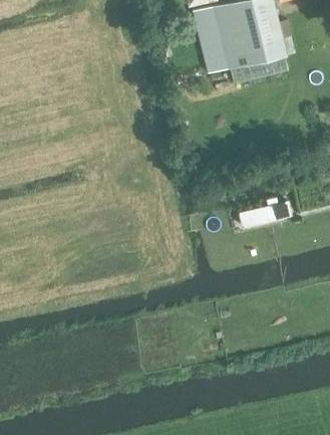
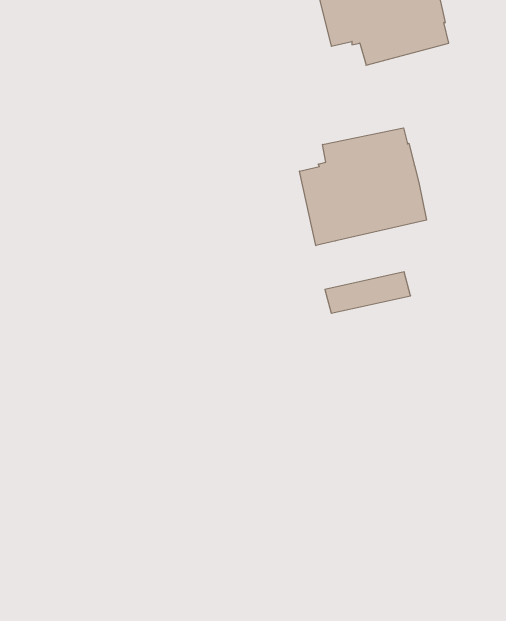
building: none -> [300,128,426,246]

